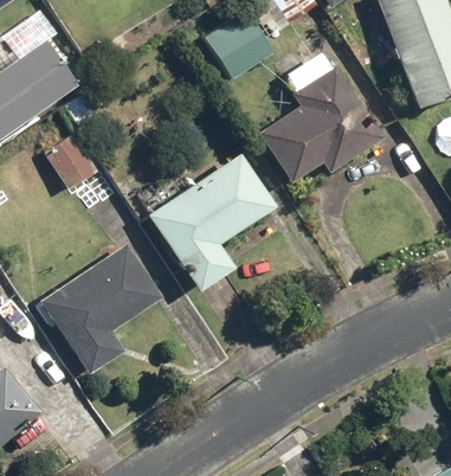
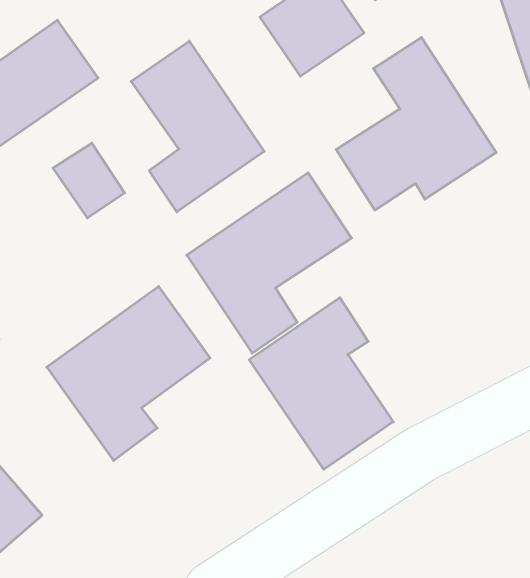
building: none -> [131,41,264,212]
building: none -> [249,298,393,469]

